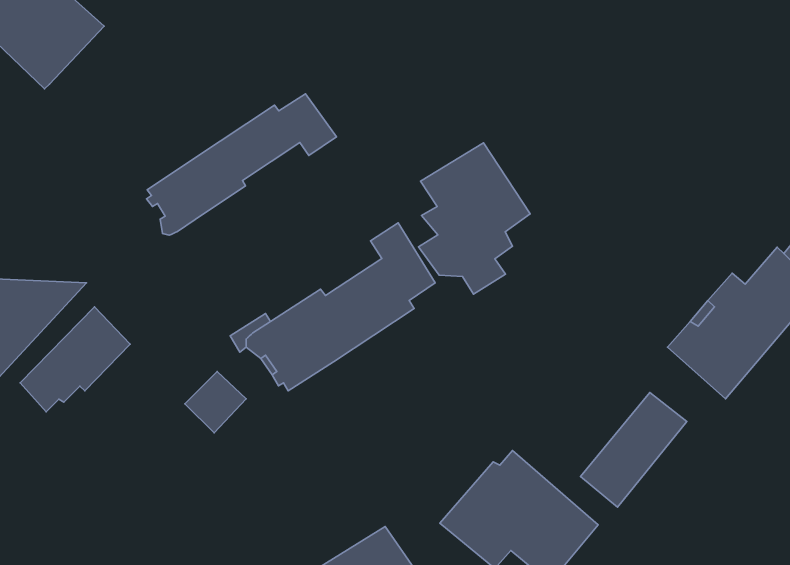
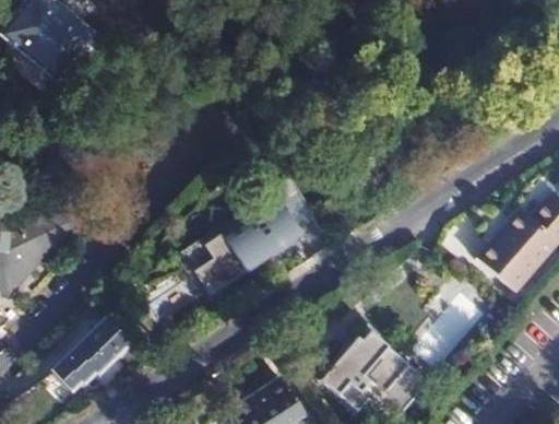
building: [146,94,336,235] -> none
building: [419,143,530,294] -> none
building: [20,307,130,412] -> [58,317,132,388]

